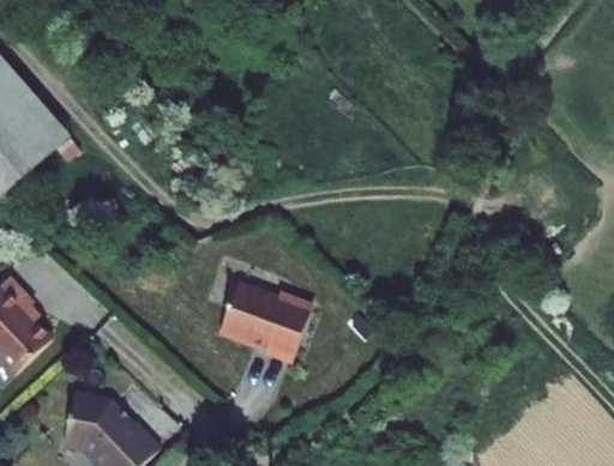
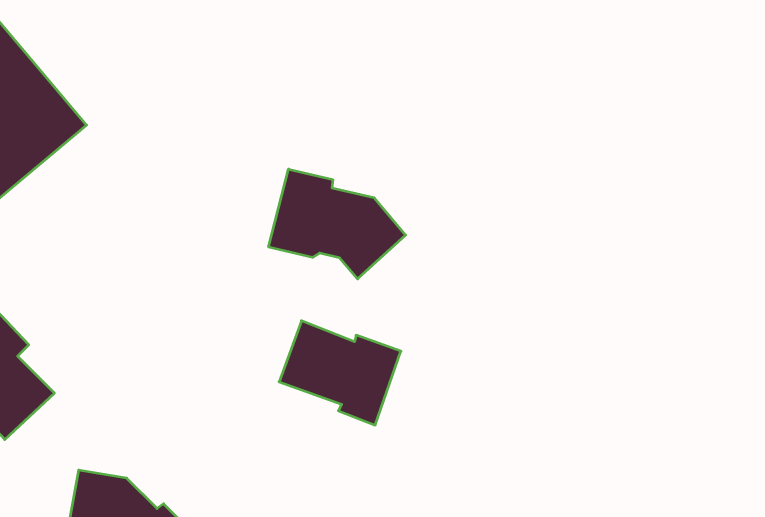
building: none -> [269,169,406,279]

